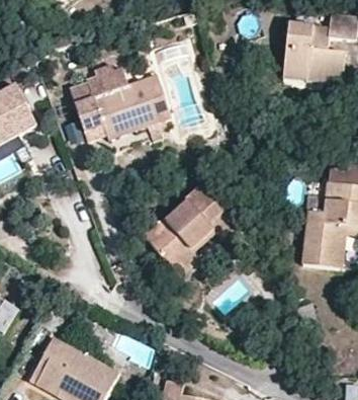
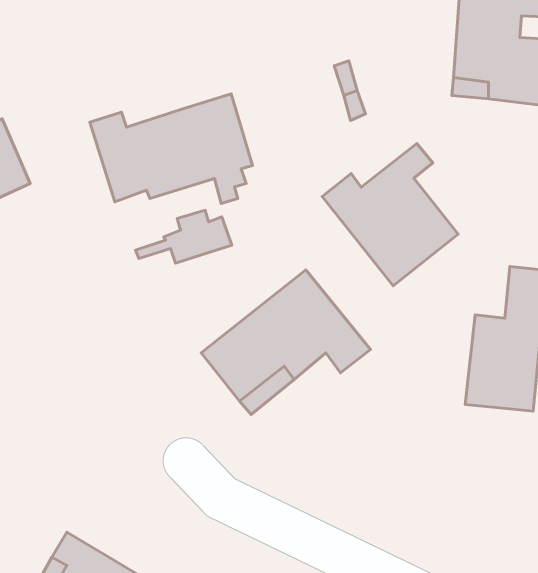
building: [68,60,126,92] -> [136,210,232,263]
building: none -> [322,143,458,286]

